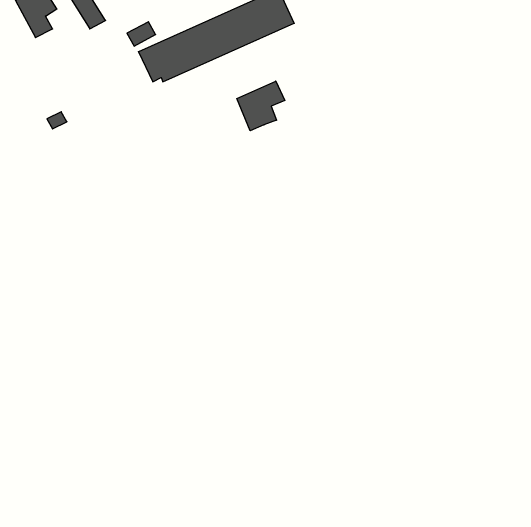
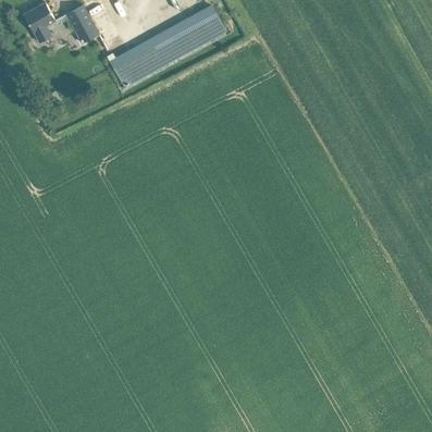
building: [237,81,285,131] -> none

